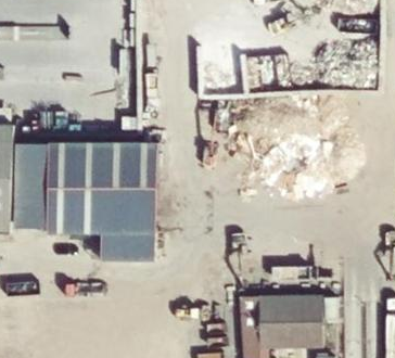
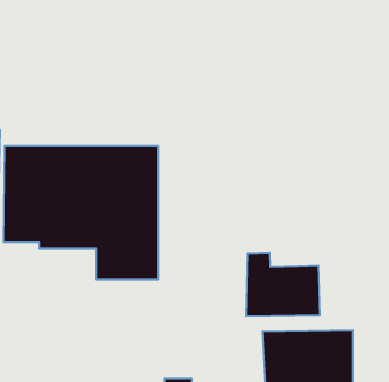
building: none -> [246,253,320,316]

